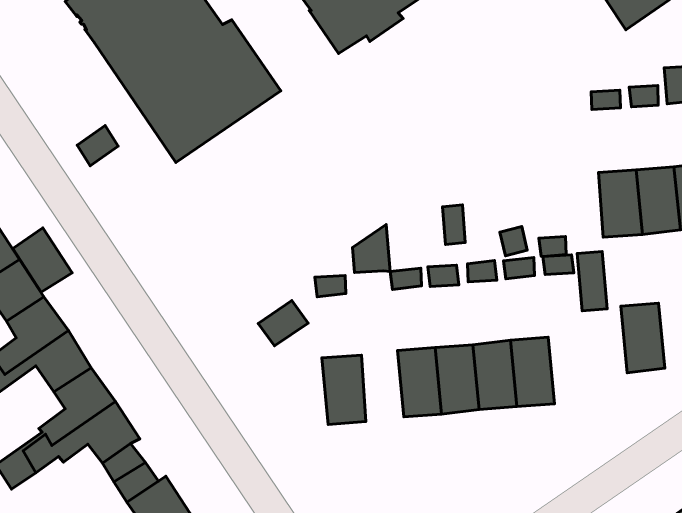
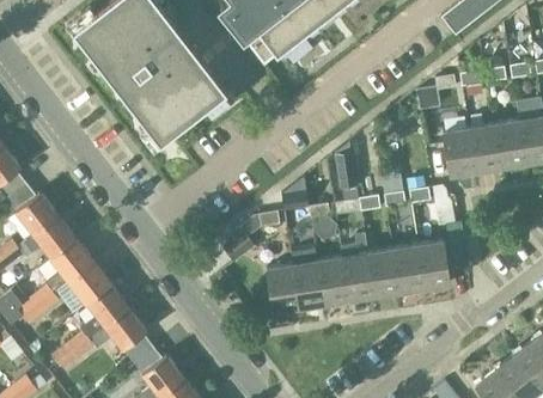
building: [13,228,72,292] -> none
building: [621,303,665,373] -> [416,243,449,290]
building: none -> [289,250,323,311]

